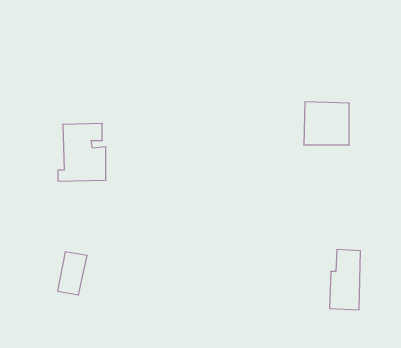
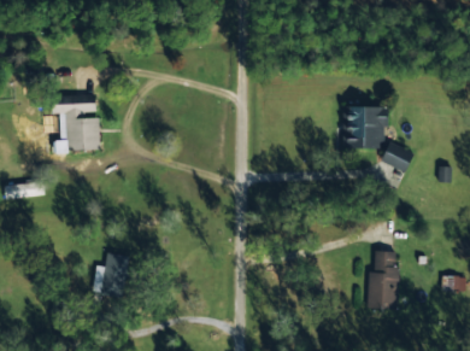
building: [58,123,106,181] -> [52,95,99,152]
building: none -> [381,142,415,172]

